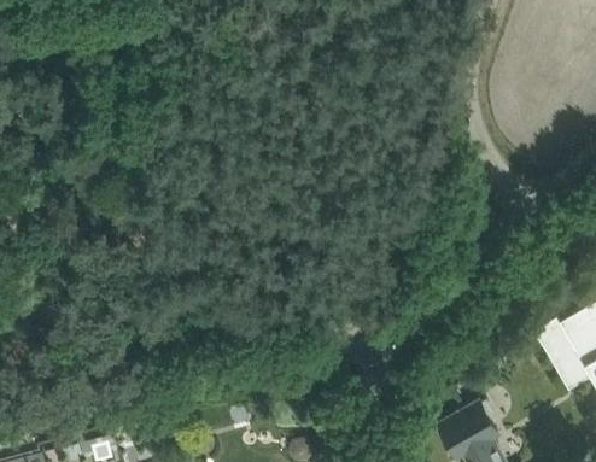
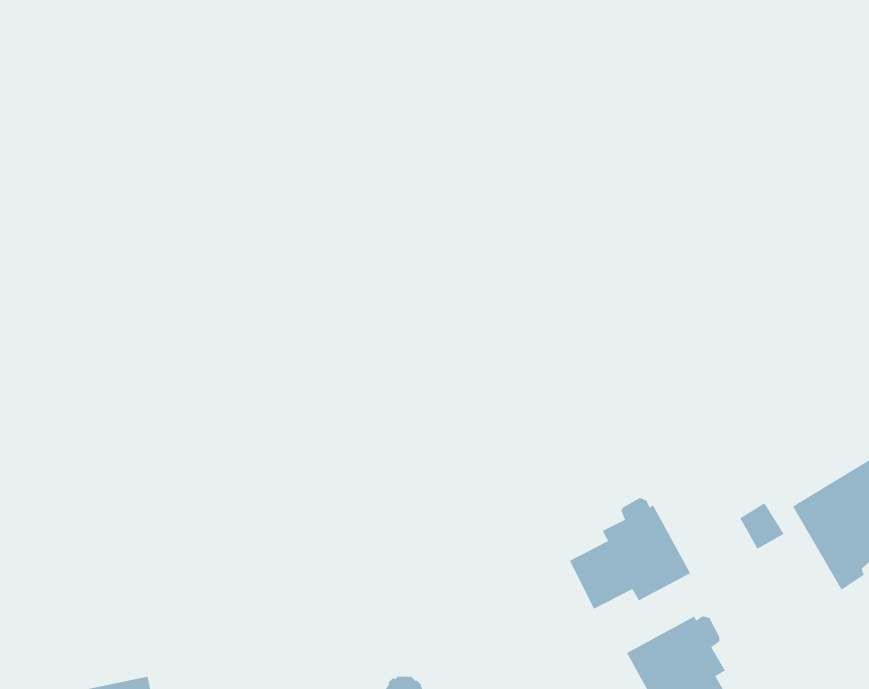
building: none -> [569,497,691,609]

